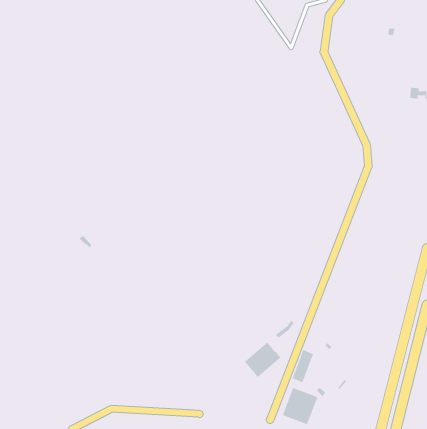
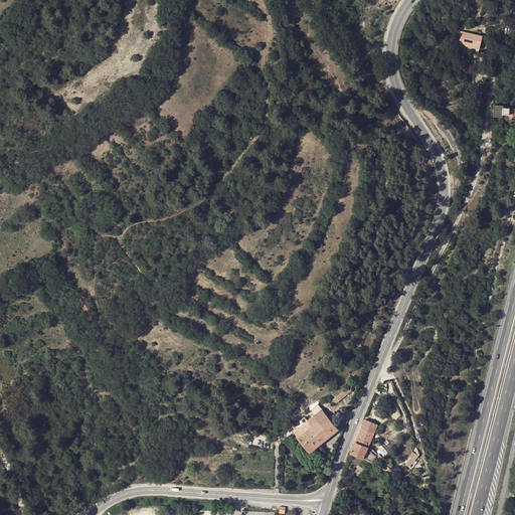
building: [282,387,318,425] -> none

